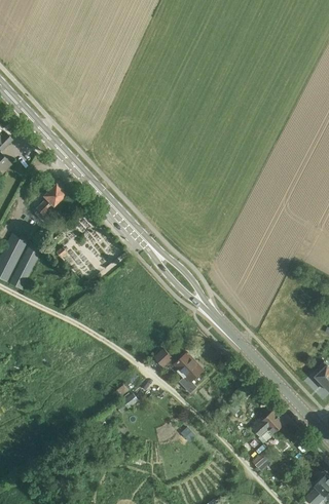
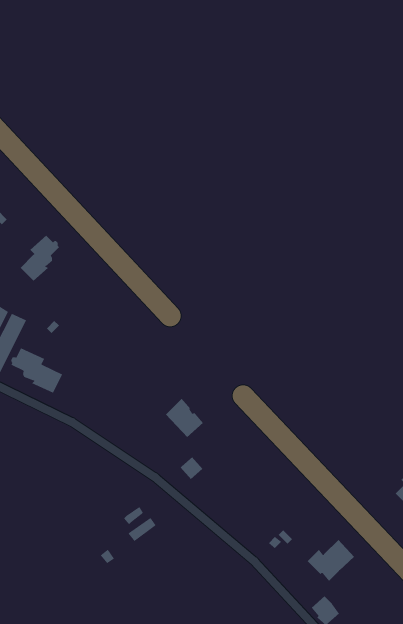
building: none -> [11,347,63,393]
building: [174,352,203,382] -> [165,398,204,438]

